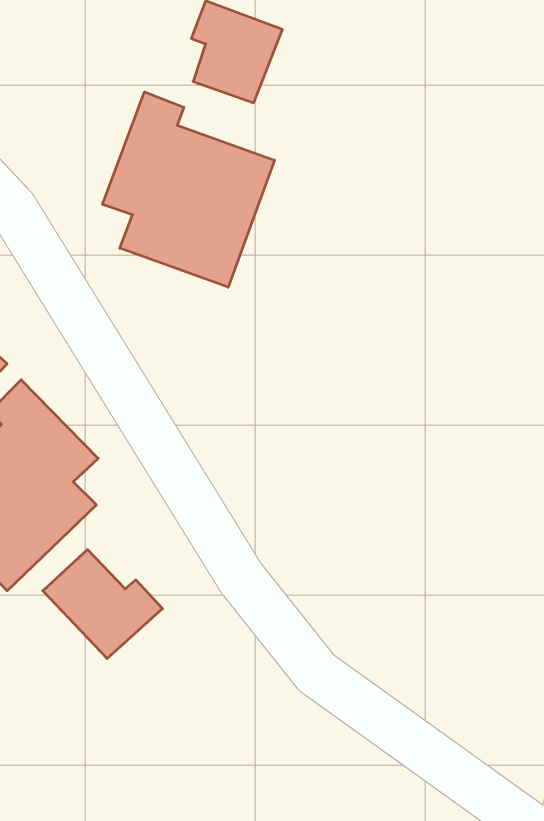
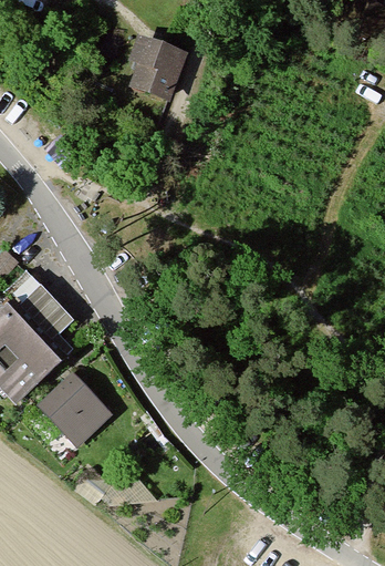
building: [103,92,274,287] -> none

